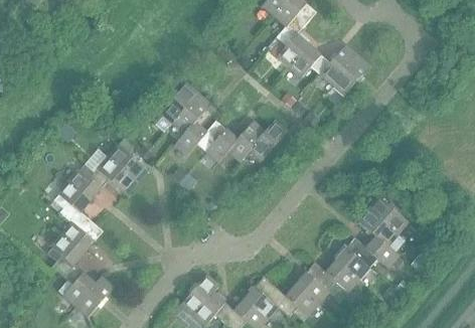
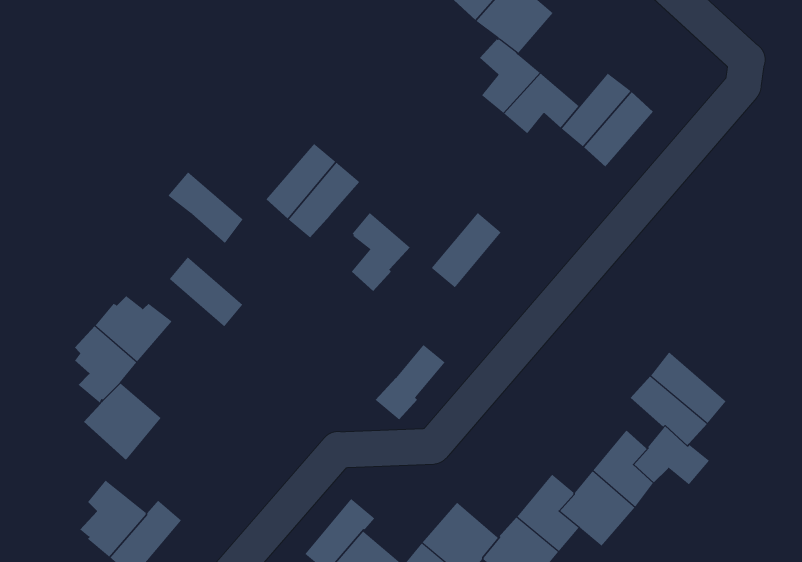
building: [227,120,266,161] -> [375,344,446,420]
building: [175,121,216,155] -> none
building: [97,155,138,194] -> [167,171,244,244]
building: [49,232,85,276] -> none

